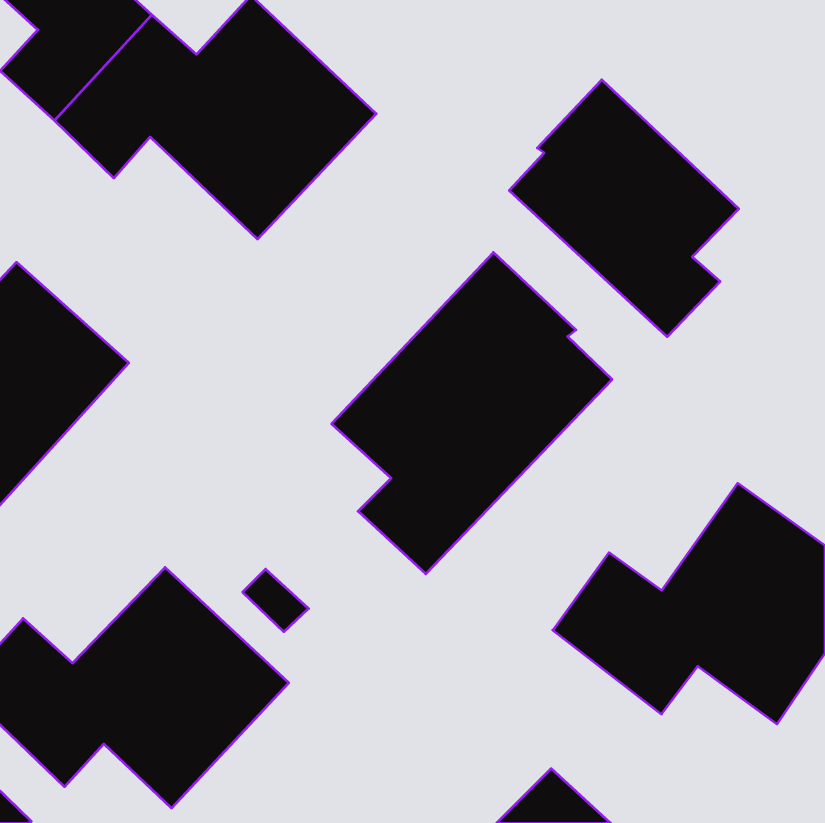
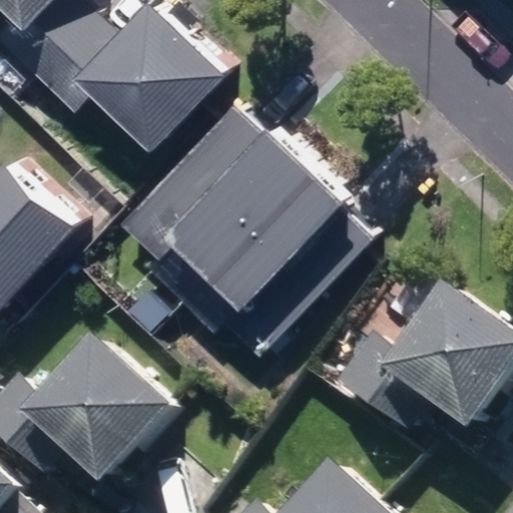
building: [509,80,739,337] -> none
building: none -> [120,97,300,258]

